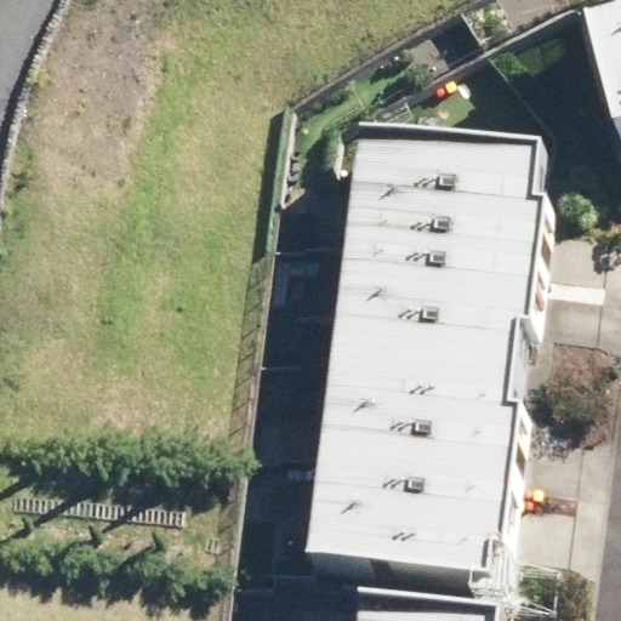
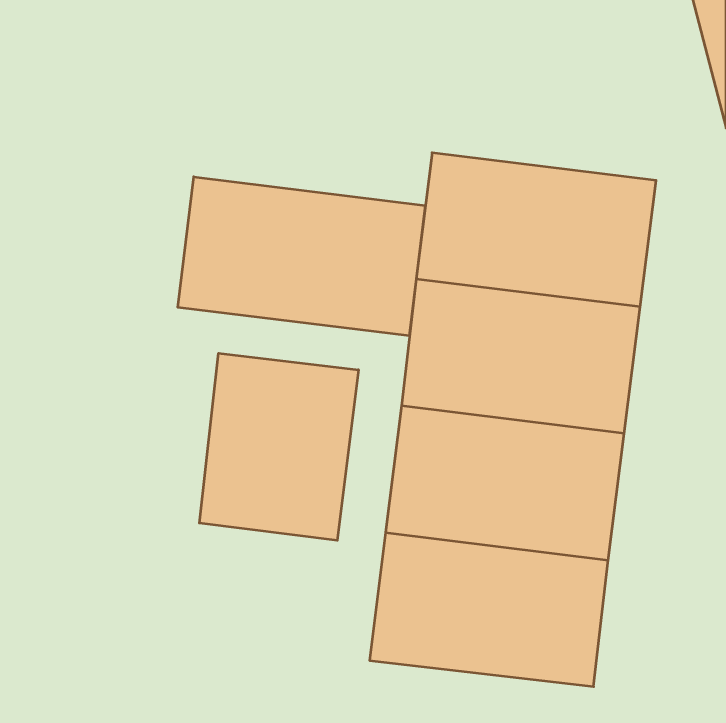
building: none -> [178,177,425,336]
building: none -> [199,353,358,540]

